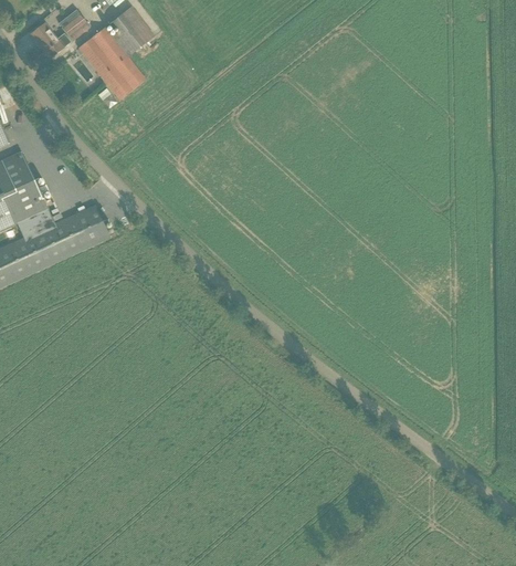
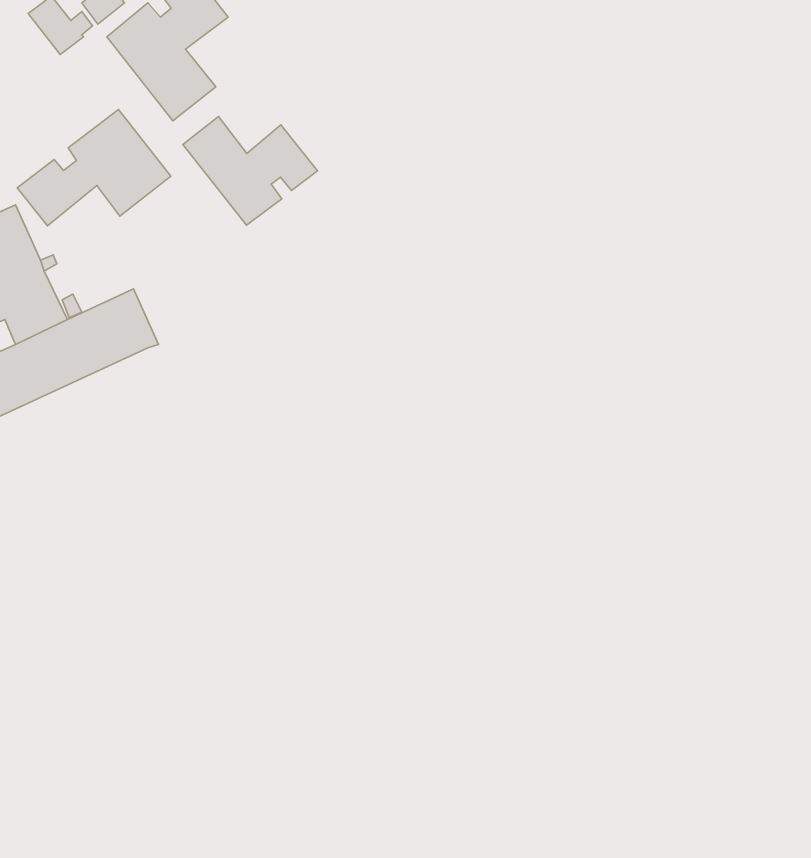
building: none -> [17,110,171,226]
building: none -> [183,117,318,225]

